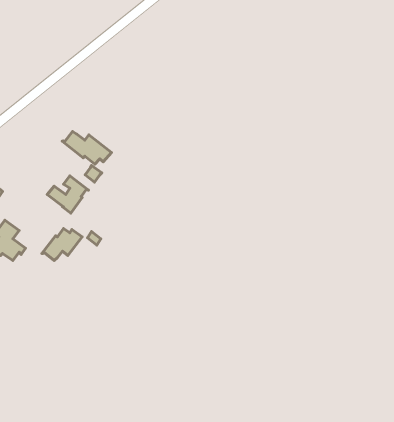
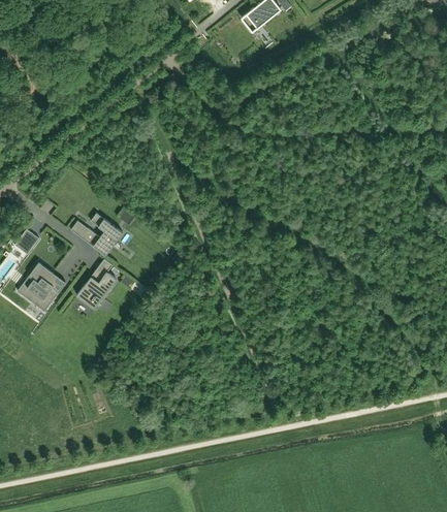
building: [62,131,111,164] -> none

